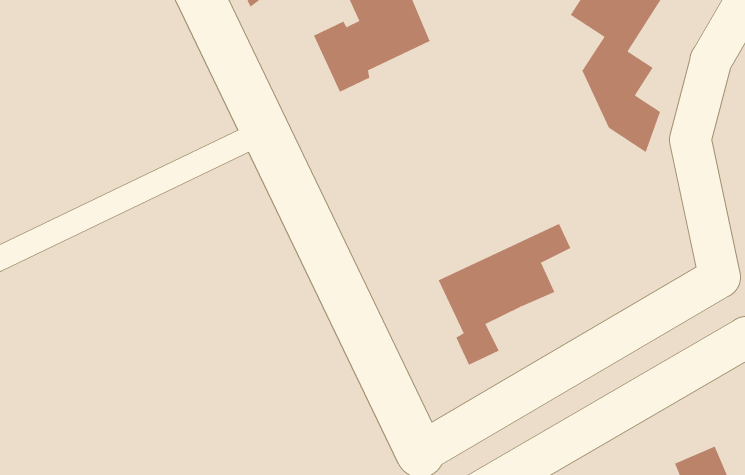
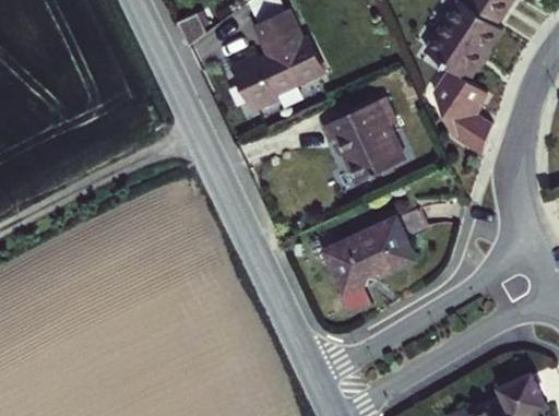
building: none -> [322,97,405,183]

